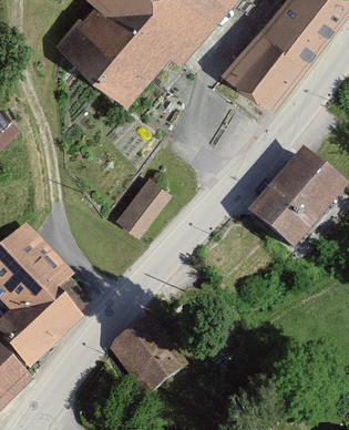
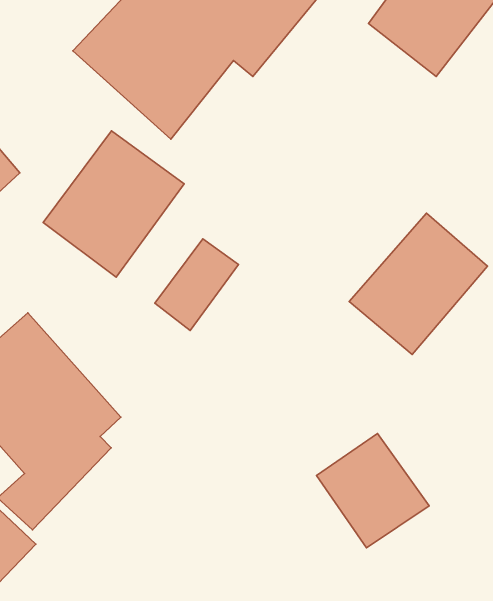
building: [225,22,308,105] -> none
building: none -> [43,131,184,277]
building: [111,319,188,398] -> [317,434,429,548]

